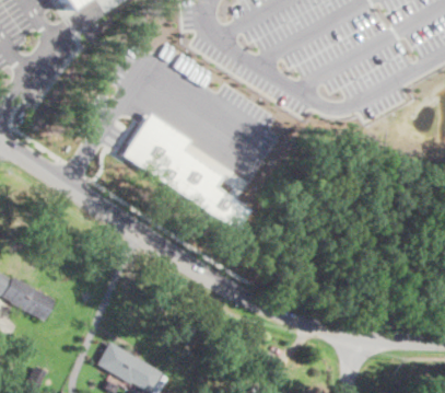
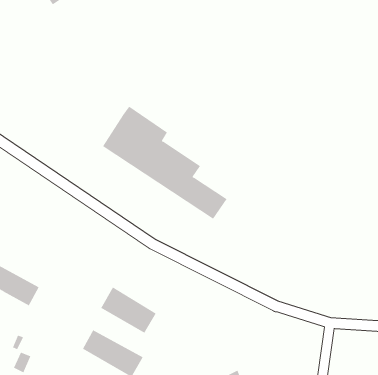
building: none -> [100,286,157,334]

